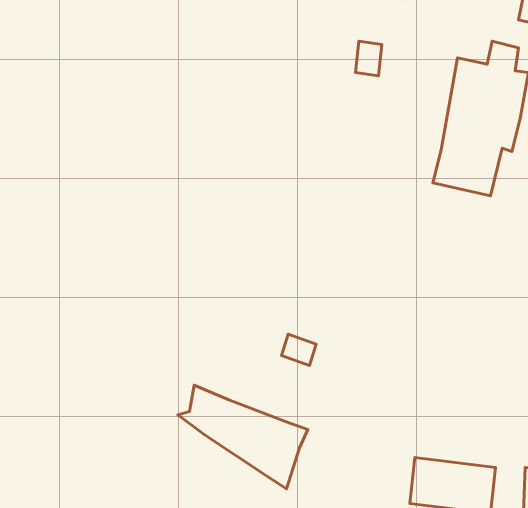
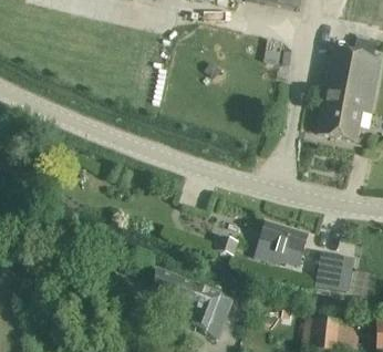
building: none -> [255,219,309,262]
building: none -> [317,251,350,288]

